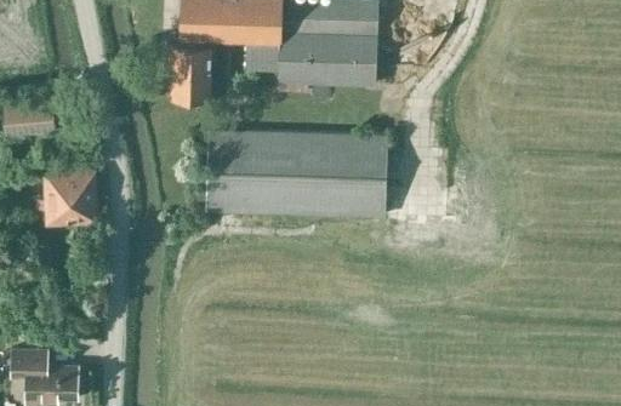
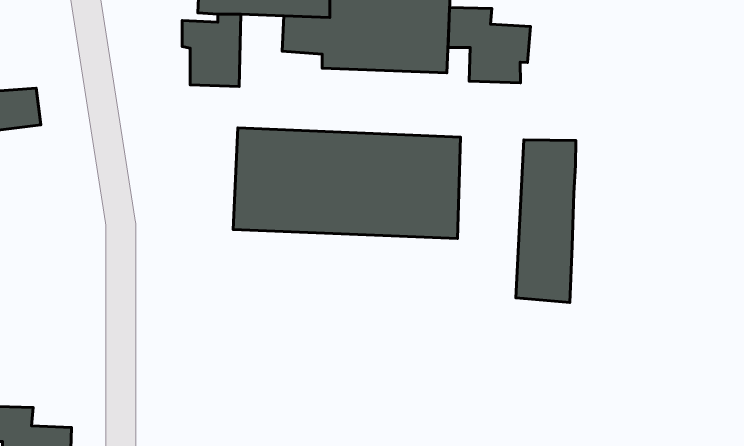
building: none -> [448,7,531,83]
building: none -> [516,140,576,302]
building: [35,173,96,223] -> none

